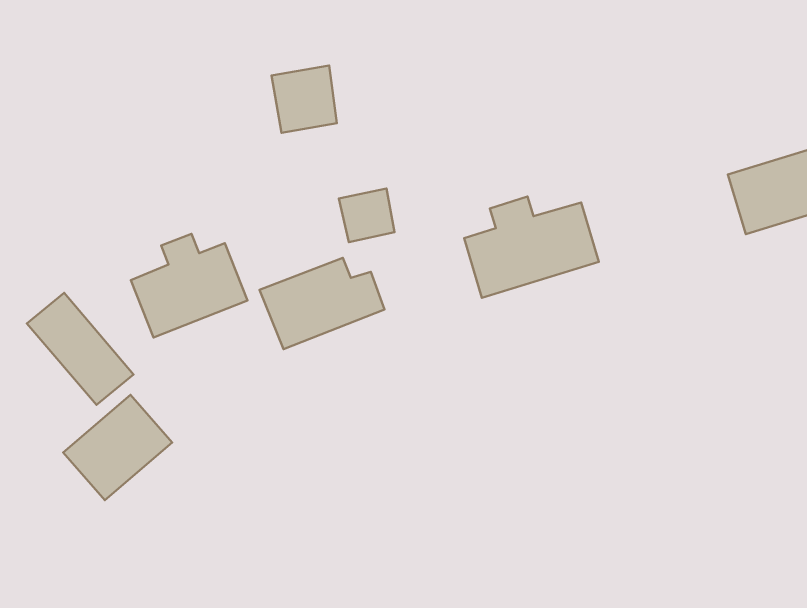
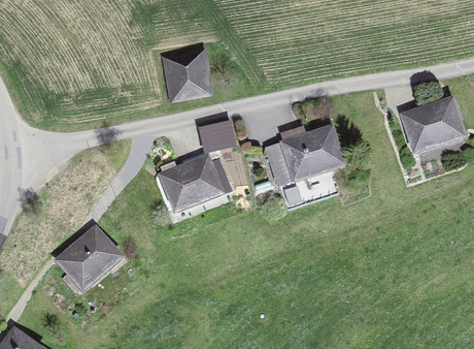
building: [131,234,248,338] -> none
building: [27,293,134,405] -> none

